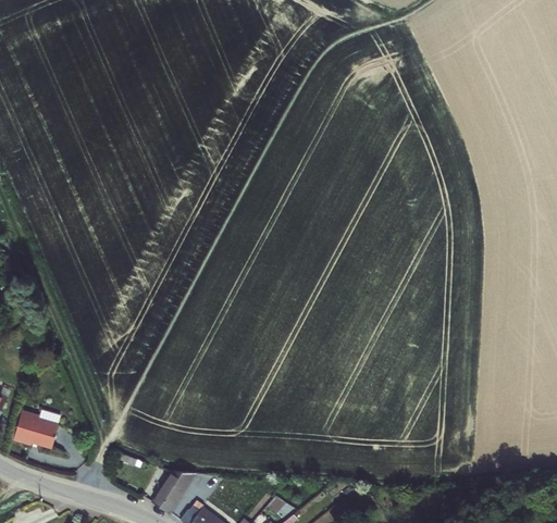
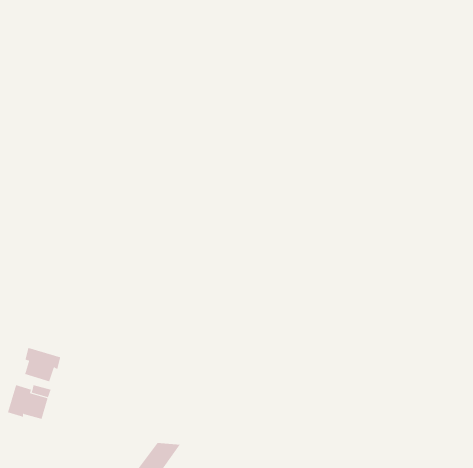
building: none -> [24,347,61,382]

